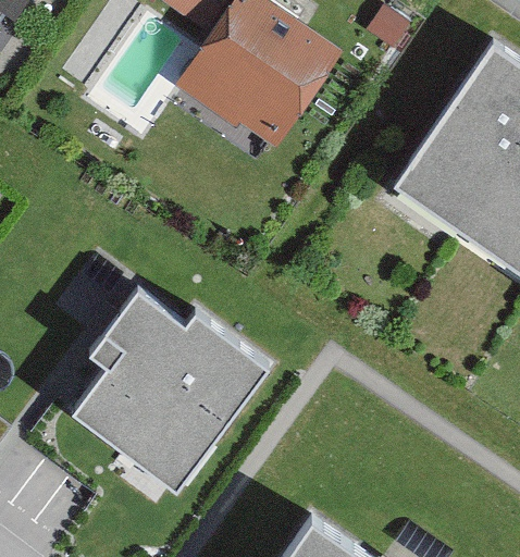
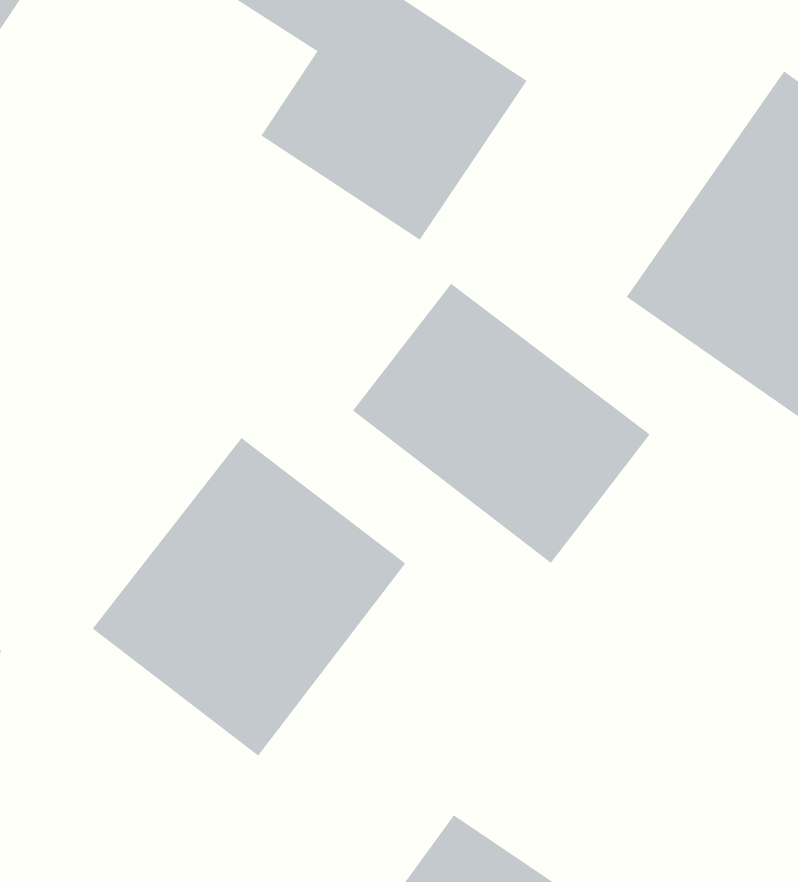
building: none -> [352,283,651,564]

